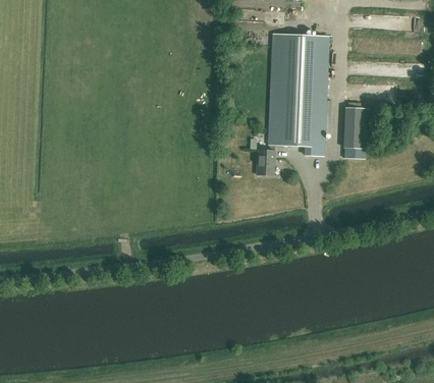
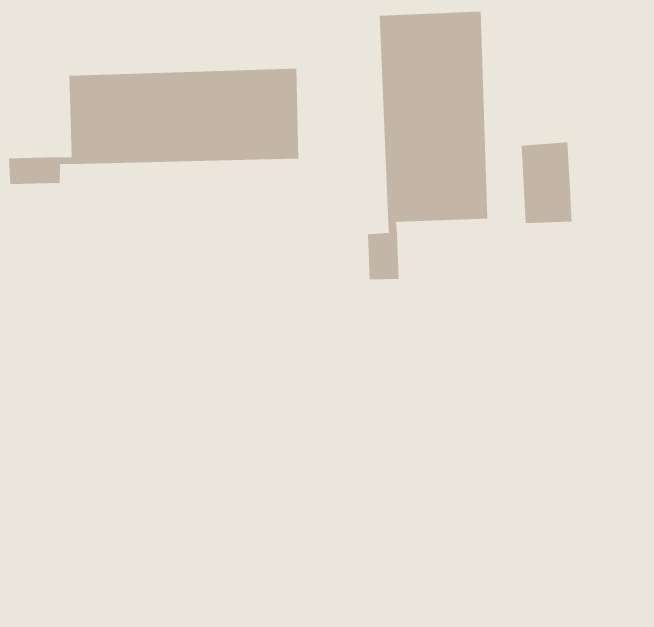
building: none -> [8,68,299,185]

